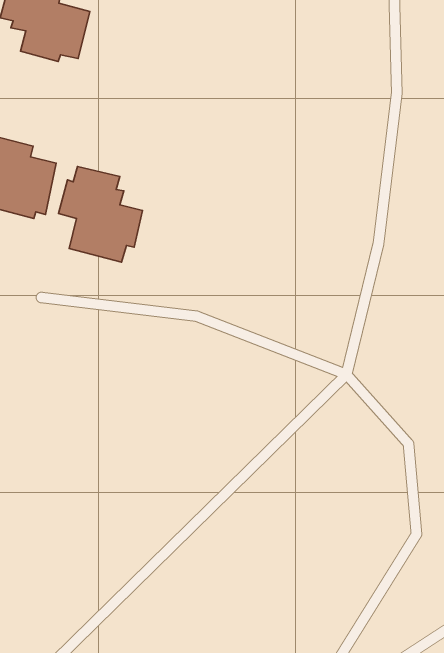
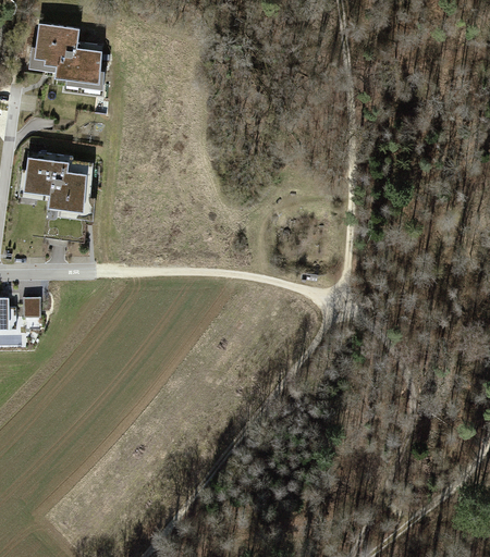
building: [59,167,142,262] -> none

